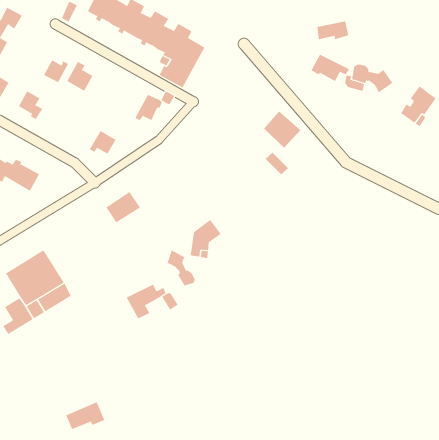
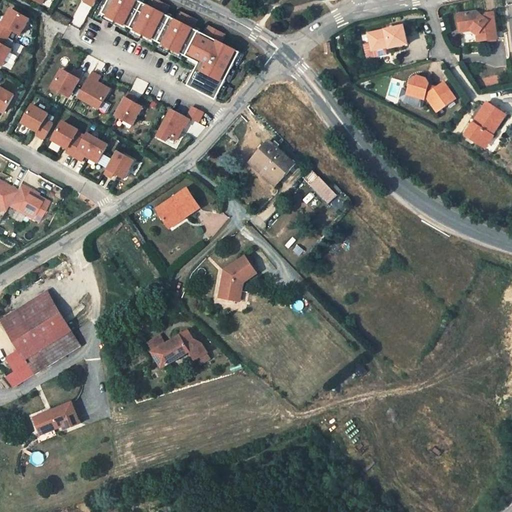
building: none -> [458,12,497,40]
building: [311,54,350,82] -> none
building: none -> [114,92,141,124]
building: none -> [51,122,108,166]
building: [263,110,301,148] -> [248,142,292,186]
building: [106,191,141,223] -> [154,189,195,226]
building: [167,250,195,287] -> none
building: [65,401,105,430] -> [31,402,77,435]

